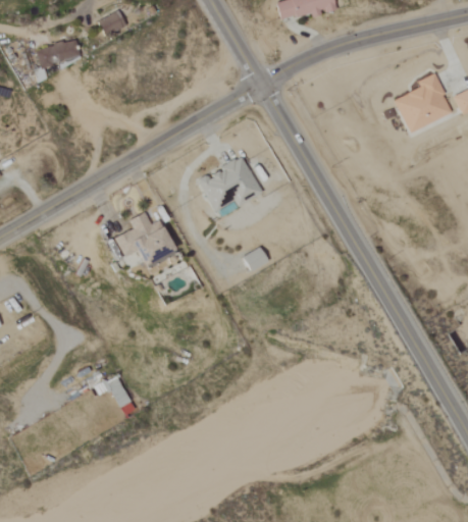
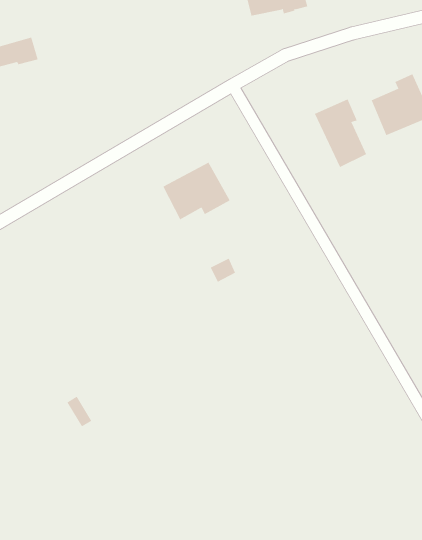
building: [98,9,126,36] -> none
building: none -> [314,99,367,168]
building: [114,212,174,266] -> none

